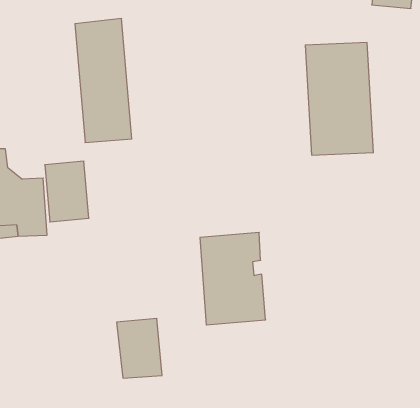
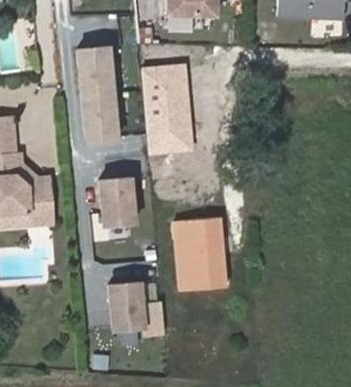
building: [305,43,373,155] -> [141,65,195,154]
building: [45,161,89,222] -> [99,178,134,226]

